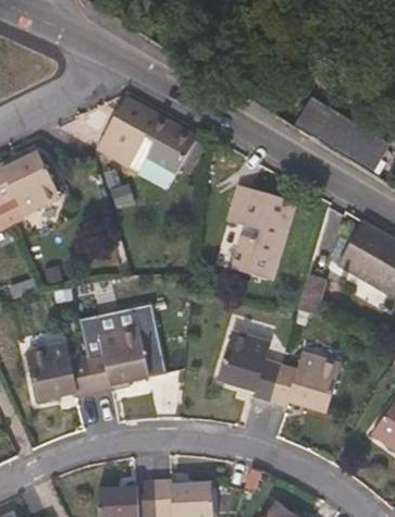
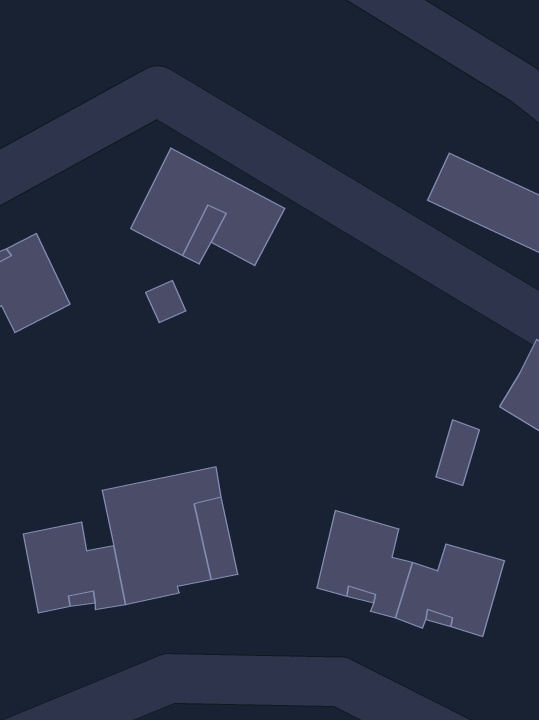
building: [227,185,295,281] -> none

